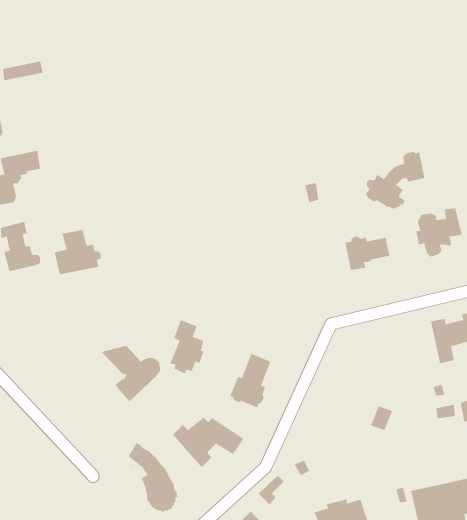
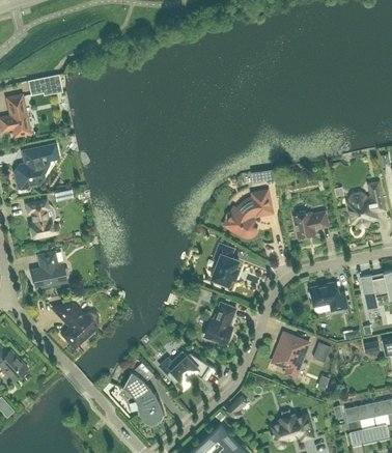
building: [365,151,425,209] -> [225,191,272,235]
building: [54,229,102,275] -> [31,252,68,287]
building: [169,319,204,374] -> [212,244,239,286]
building: none -> [310,282,347,311]
building: [101,345,161,402] -> [52,303,99,347]
building: none -> [273,333,309,377]

